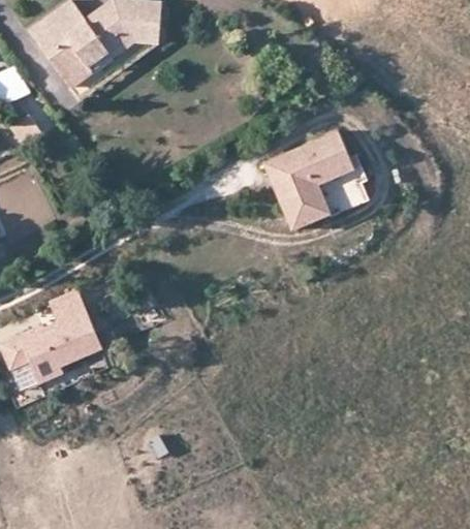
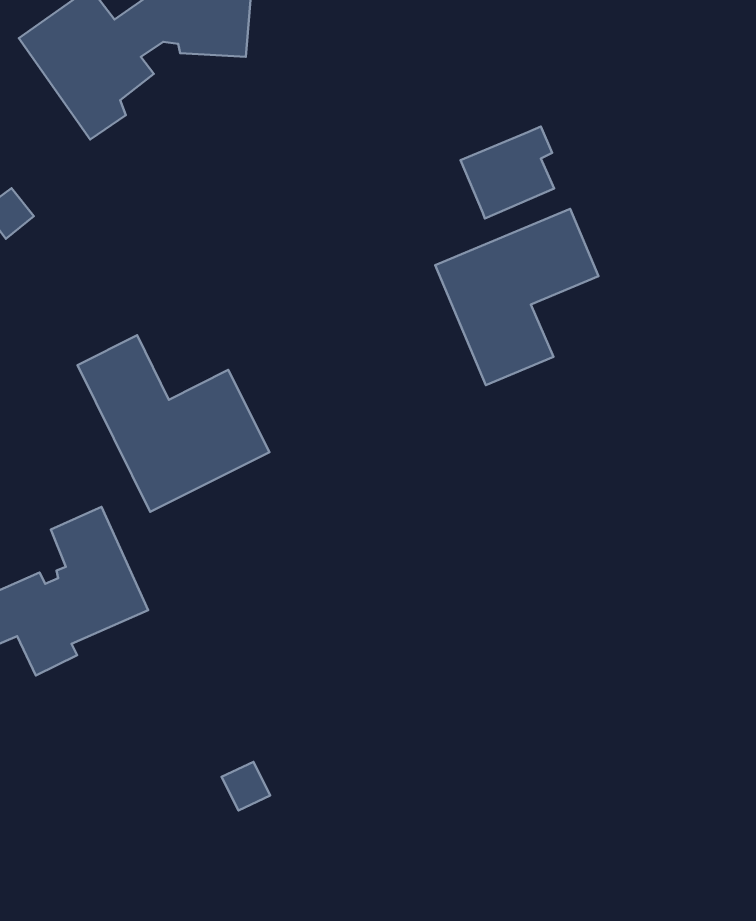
building: [314,162,366,213] -> [460,127,554,218]
building: none -> [77,335,269,512]

